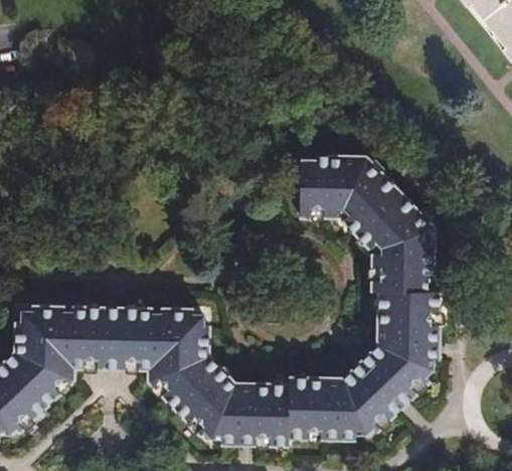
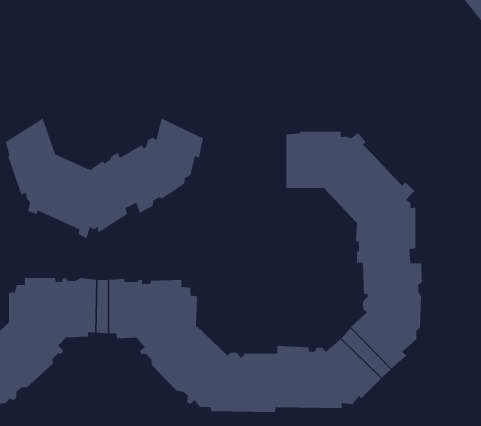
building: none -> [5,117,204,239]

